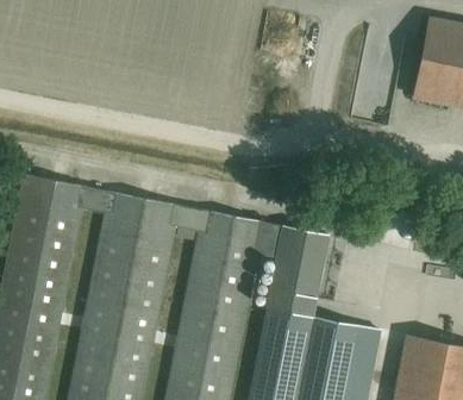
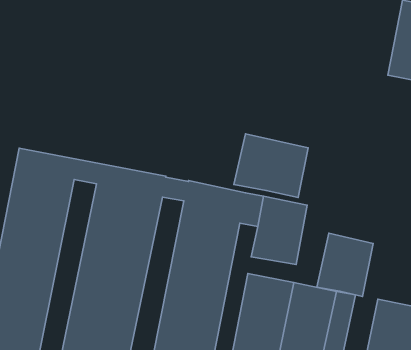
building: none -> [234,134,308,198]
building: none -> [317,233,373,296]

